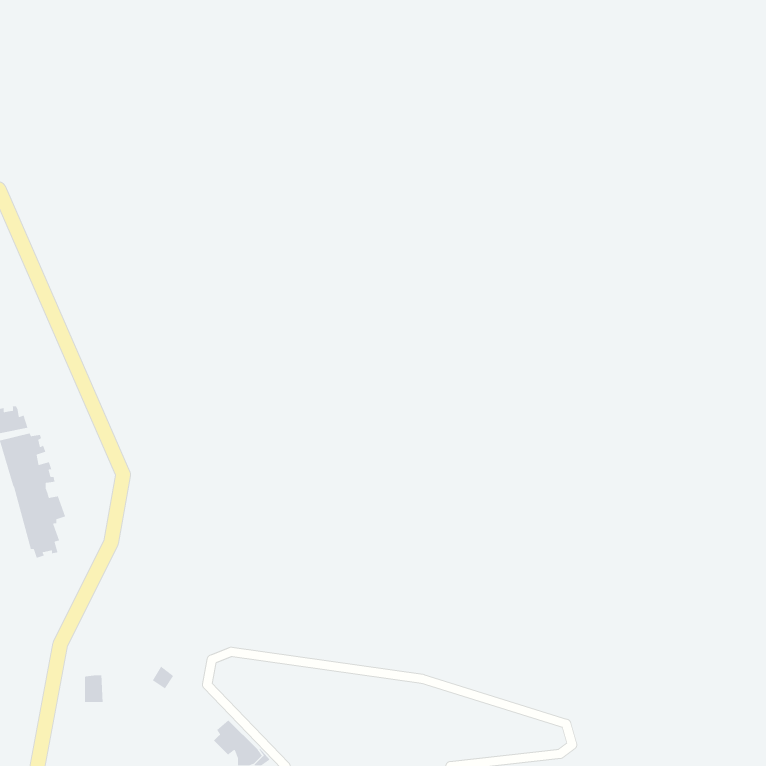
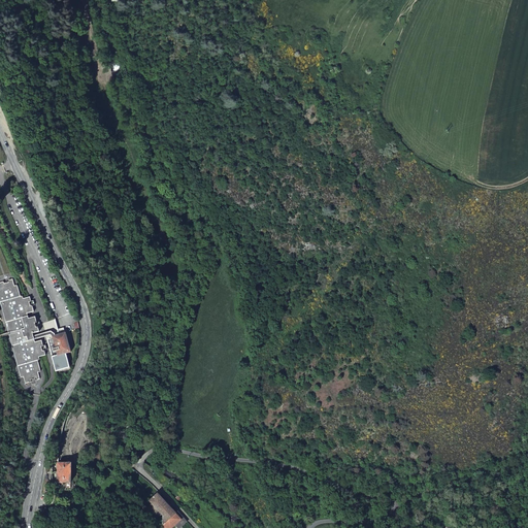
building: none -> [42,321,70,370]

